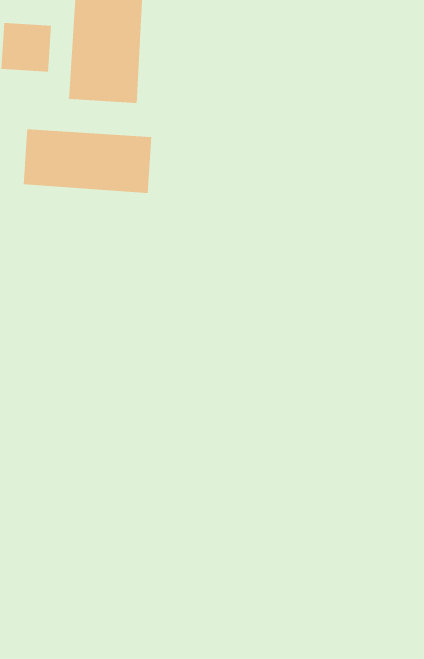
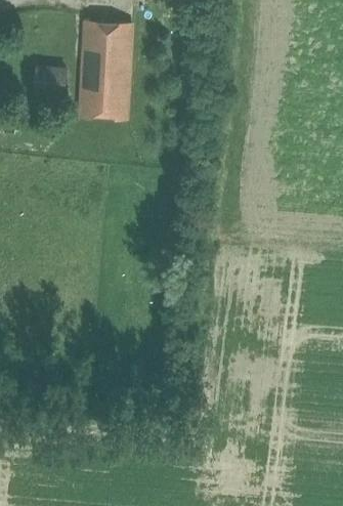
building: [23,129,152,194] -> none

